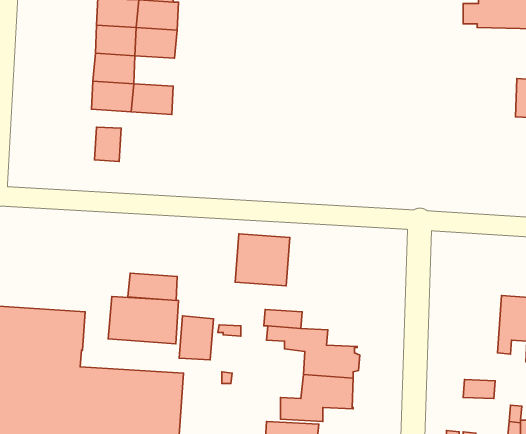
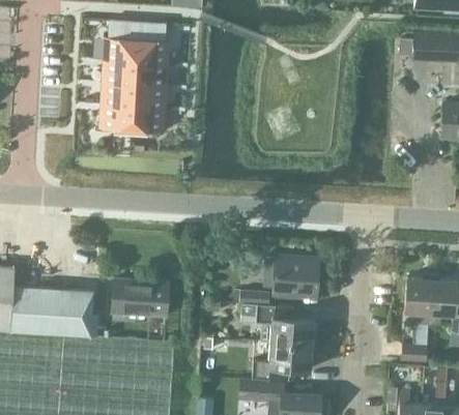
building: none -> [132,84,165,109]
building: [95,127,121,162] -> none
building: [235,234,290,286] -> [272,256,317,298]
building: [128,273,177,300] -> none
building: none -> [403,277,430,325]
building: [179,316,213,360] -> none

